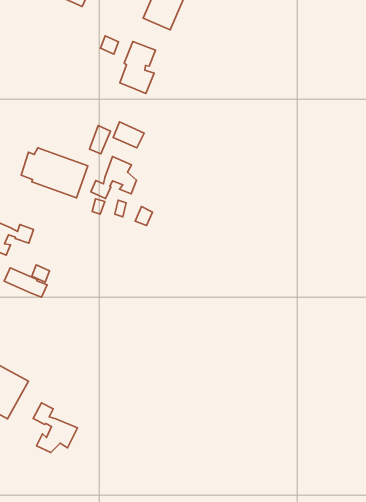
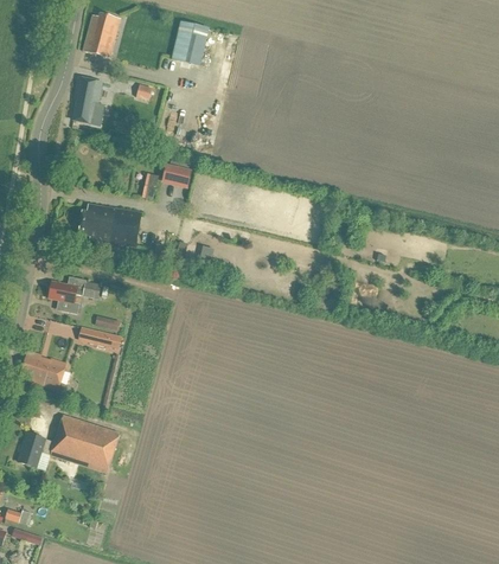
building: [120,42,155,93] -> [72,76,104,124]
building: [91,156,136,199] -> none
building: [33,403,78,452] -> none

